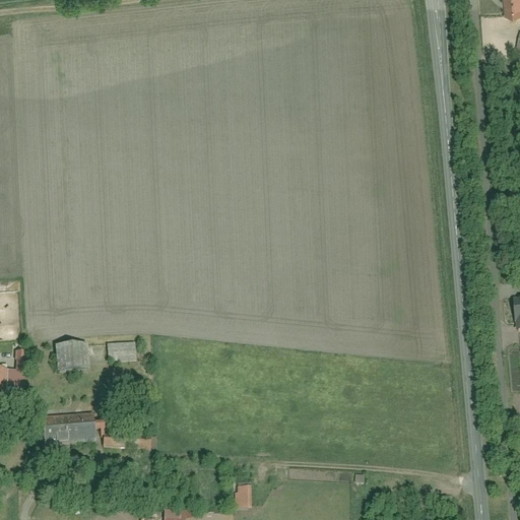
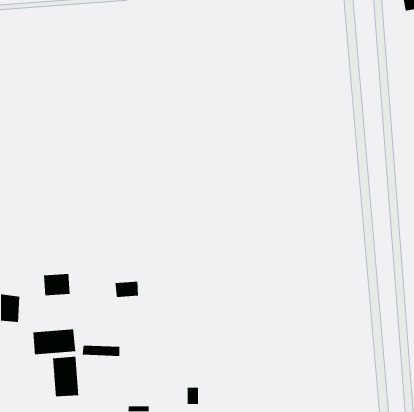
building: [107,340,137,362] -> [115,281,139,298]
building: none -> [52,356,79,397]

